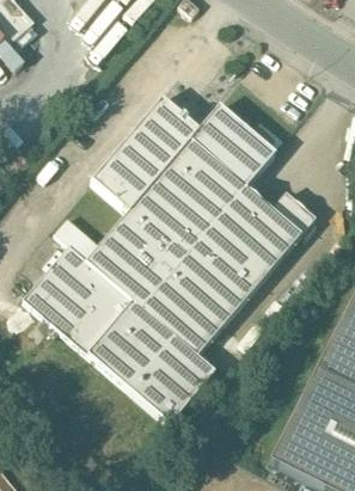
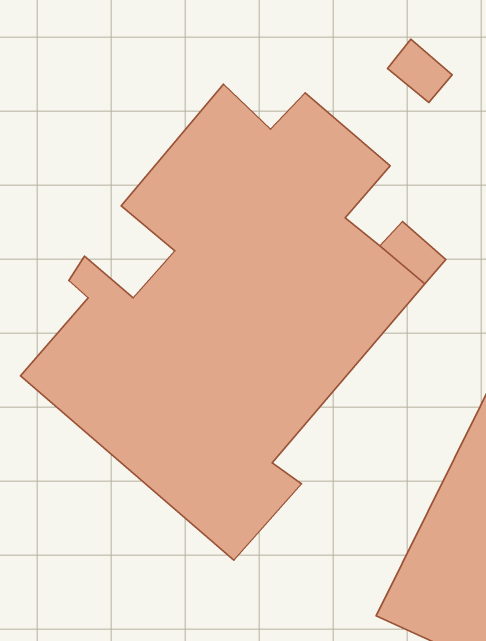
building: none -> [387,39,452,102]

